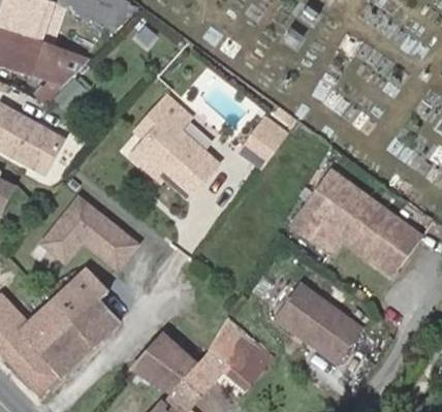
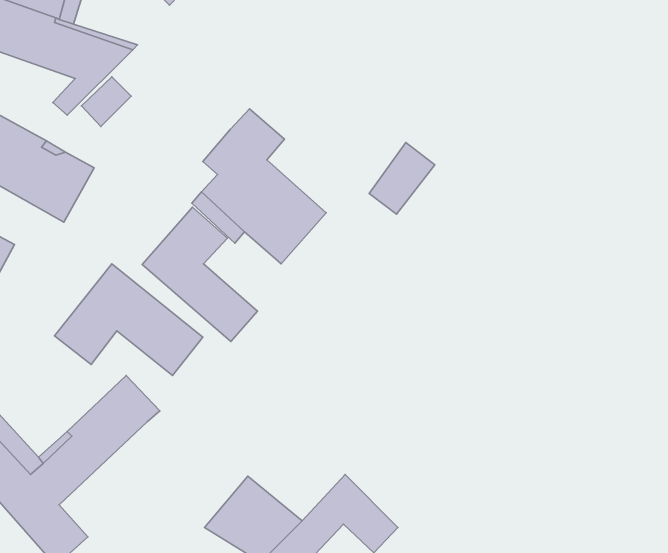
building: none -> [142,207,258,341]
building: [291,170,421,274] -> none
building: [277,281,360,357] -> none
building: [41,299,116,374] -> none

